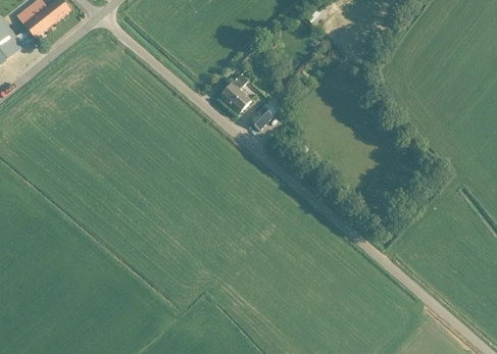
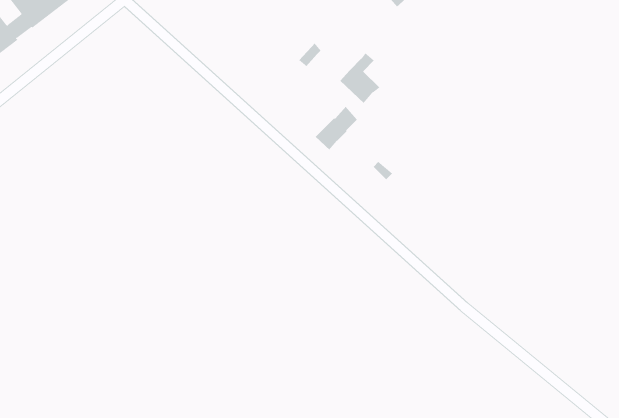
building: [219,74,250,113] -> [340,52,380,104]

